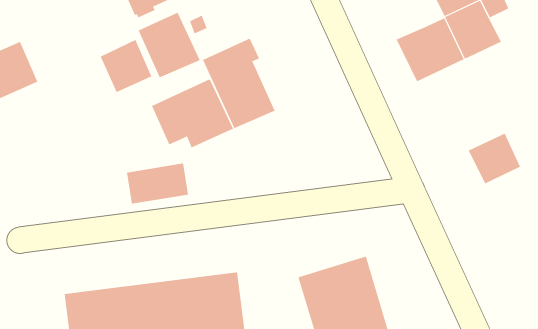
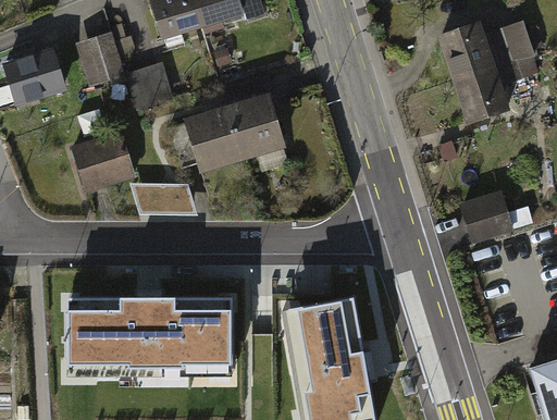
building: [138,12,200,78] -> none
building: none -> [75,33,126,88]
building: [396,17,465,82] -> none
building: none -> [71,132,137,195]

